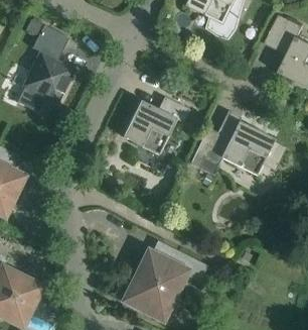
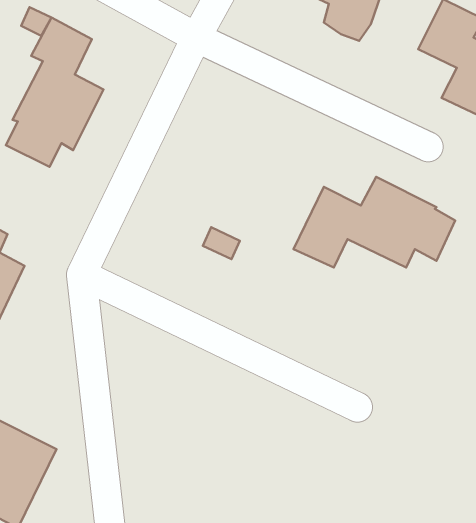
building: [122,96,188,153] -> none
building: [118,245,206,324] -> none

